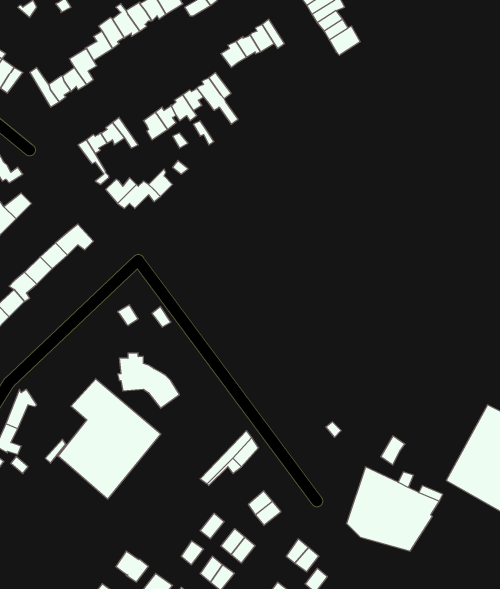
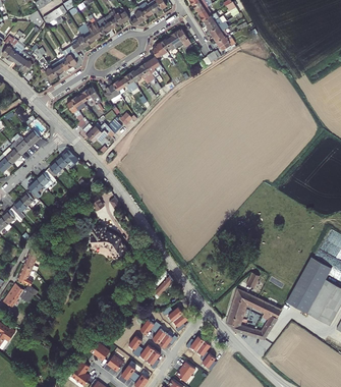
building: [58,379,161,499] -> none

